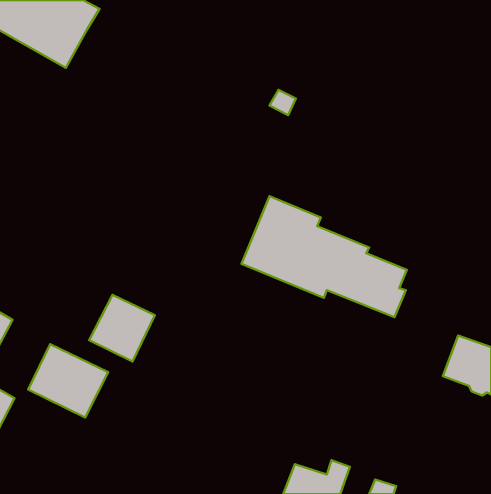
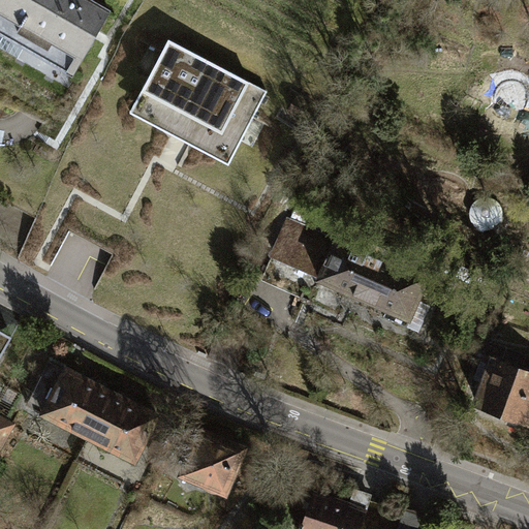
building: none -> [128,39,264,164]
building: [89,295,155,362] -> [91,398,161,469]
building: none -> [183,442,247,504]

